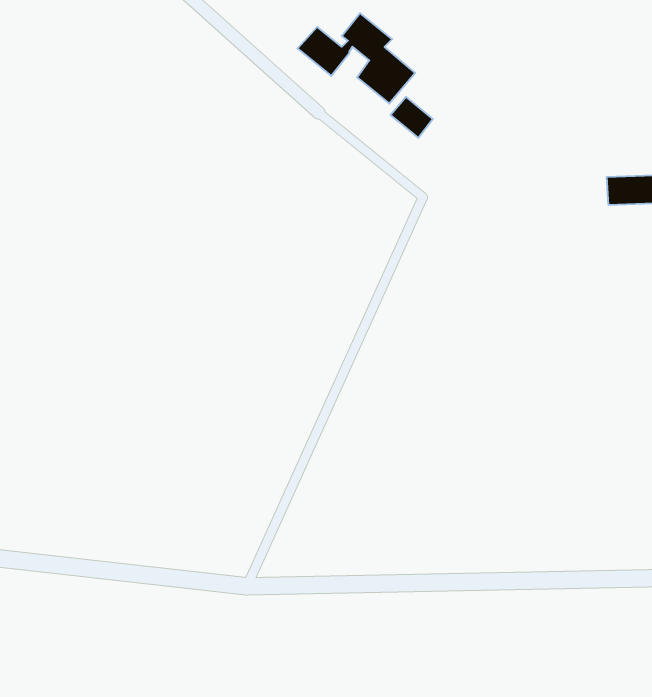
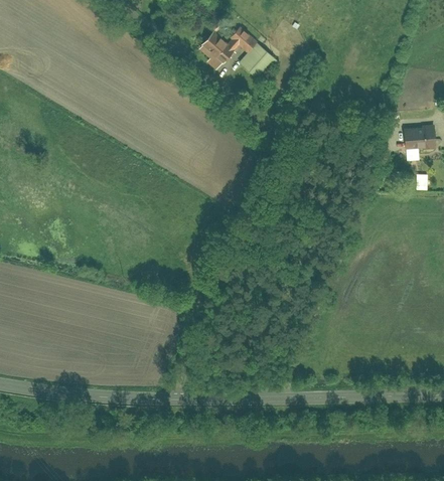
building: [391,97,433,138] -> none

